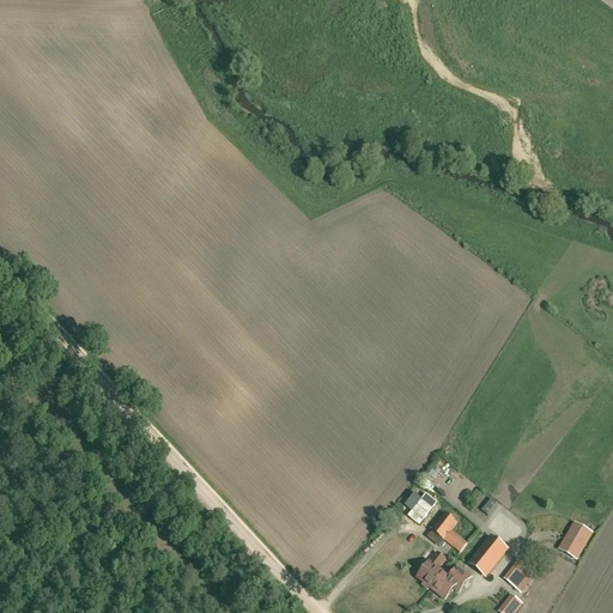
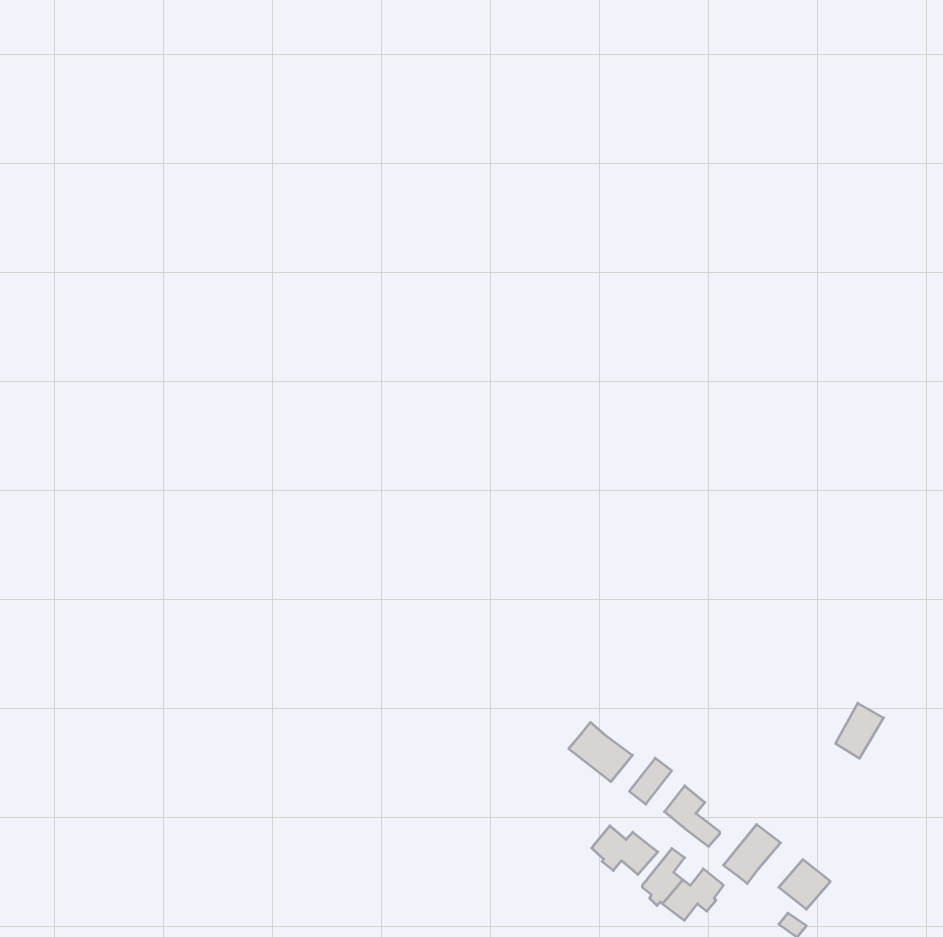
building: none -> [569,722,633,782]
building: [560,521,591,557] -> [836,703,884,758]
building: none -> [592,826,658,875]

